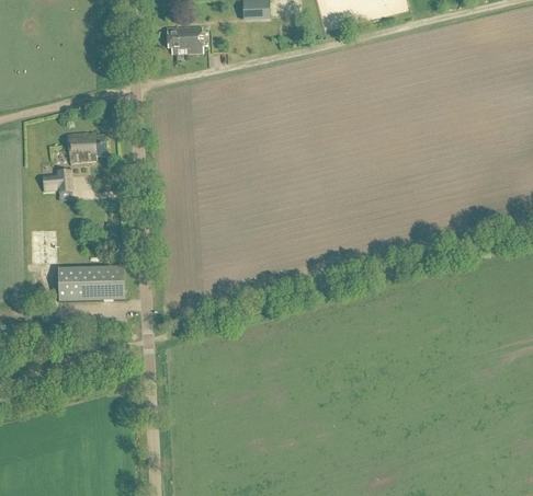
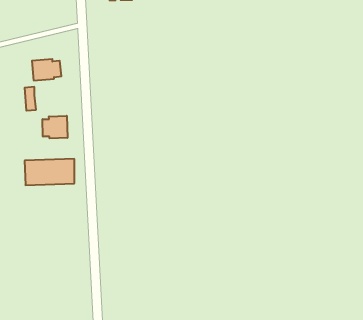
building: none -> [43,116,67,138]

